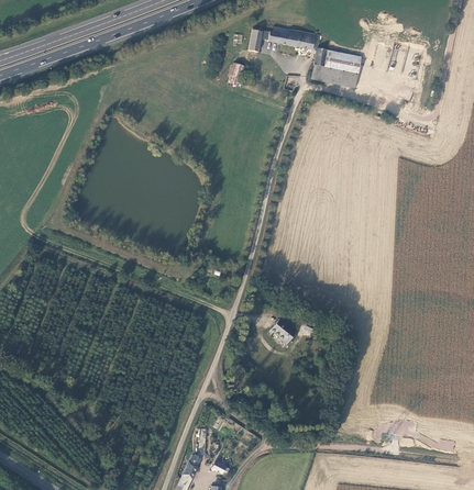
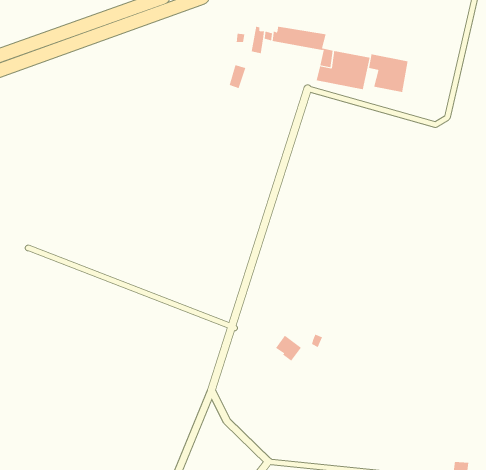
building: none -> [369,54,408,93]

